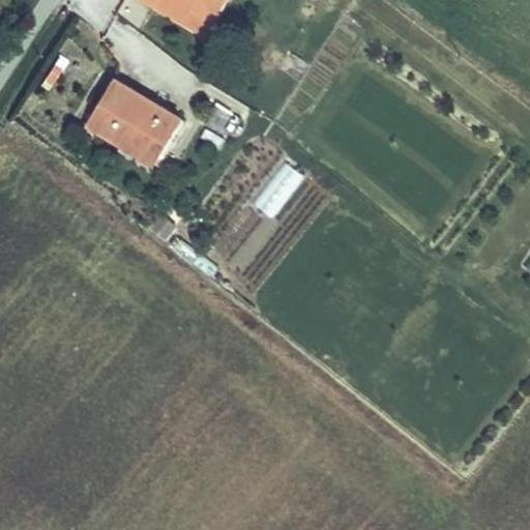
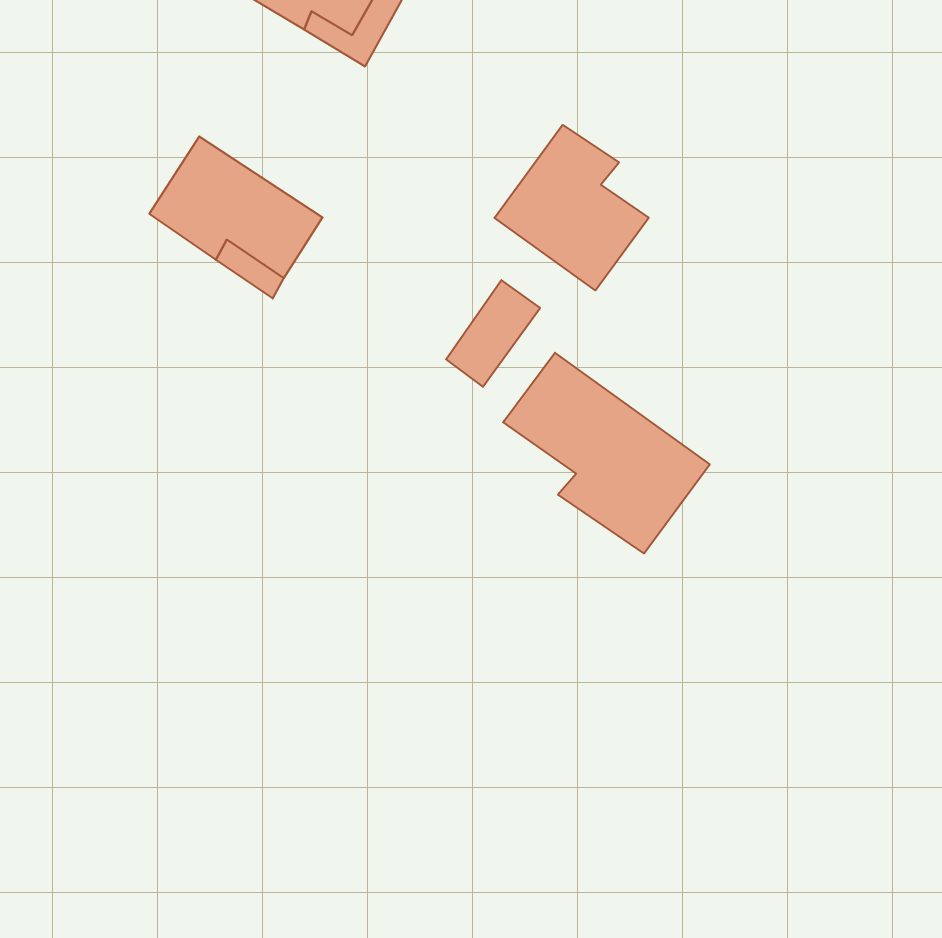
building: none -> [494,125,649,290]
building: none -> [503,353,710,553]

